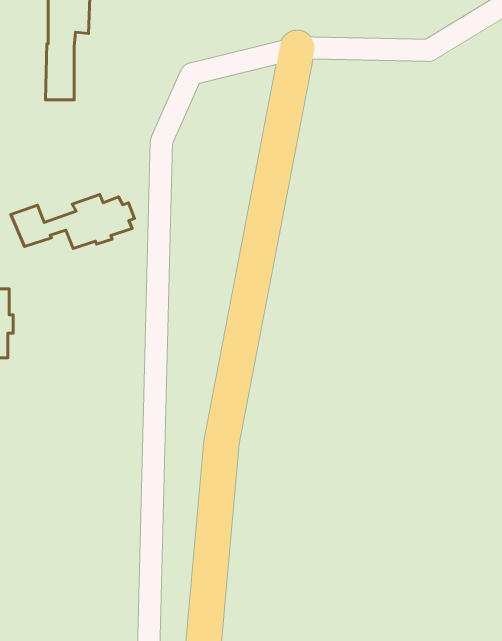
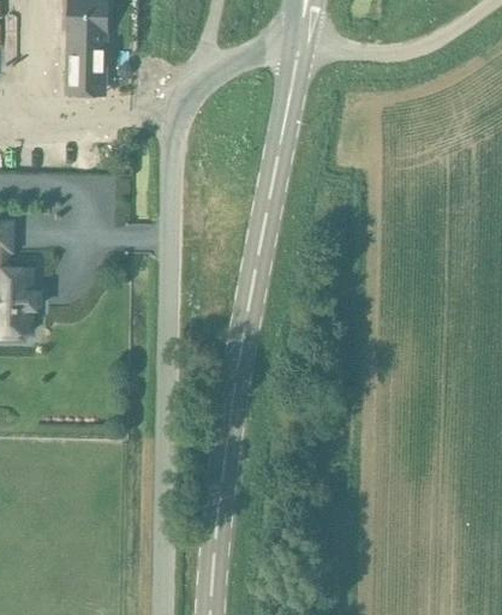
building: [11,194,134,248] -> none

